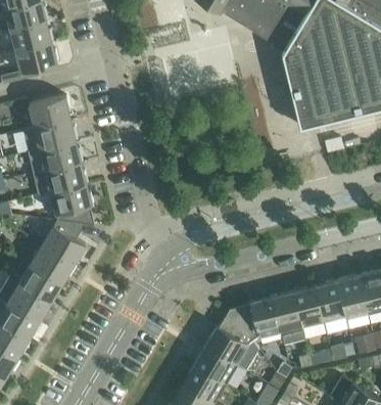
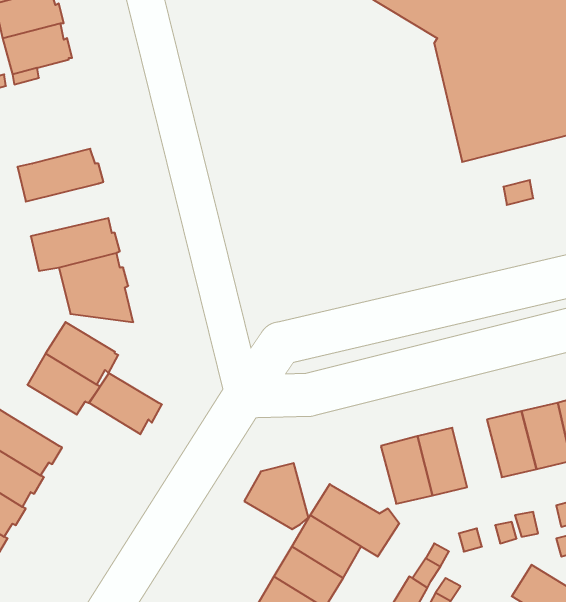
building: [29,96,69,128] -> none
building: [28,140,83,173] -> none
building: [18,265,63,303] -> [89,373,162,434]
building: [293,286,324,328] -> none
building: [219,304,258,345] -> [244,463,309,529]

